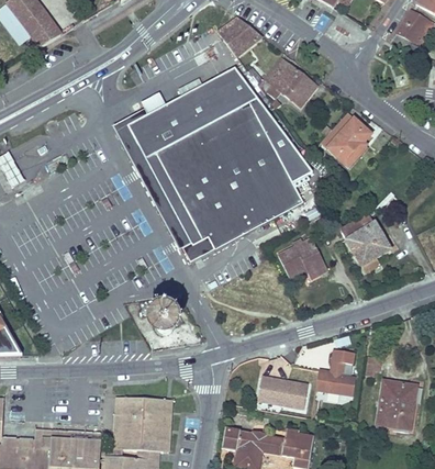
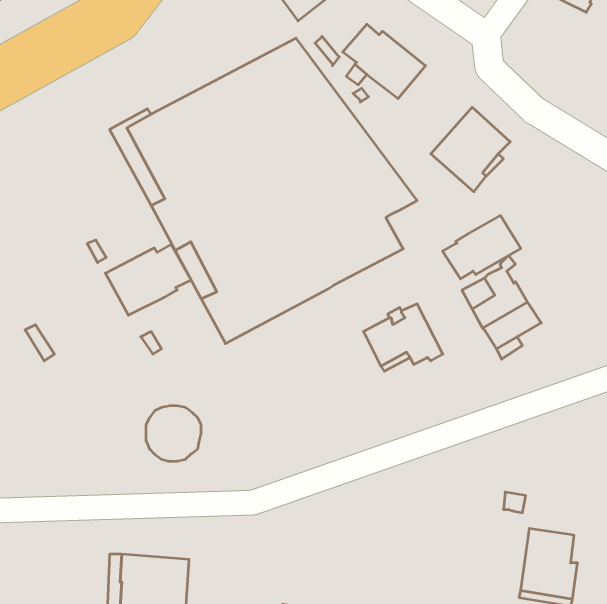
building: none -> [443,216,521,279]
building: none -> [105,245,191,315]
building: [317,346,357,393] -> none
building: [258,372,309,406] -> none

